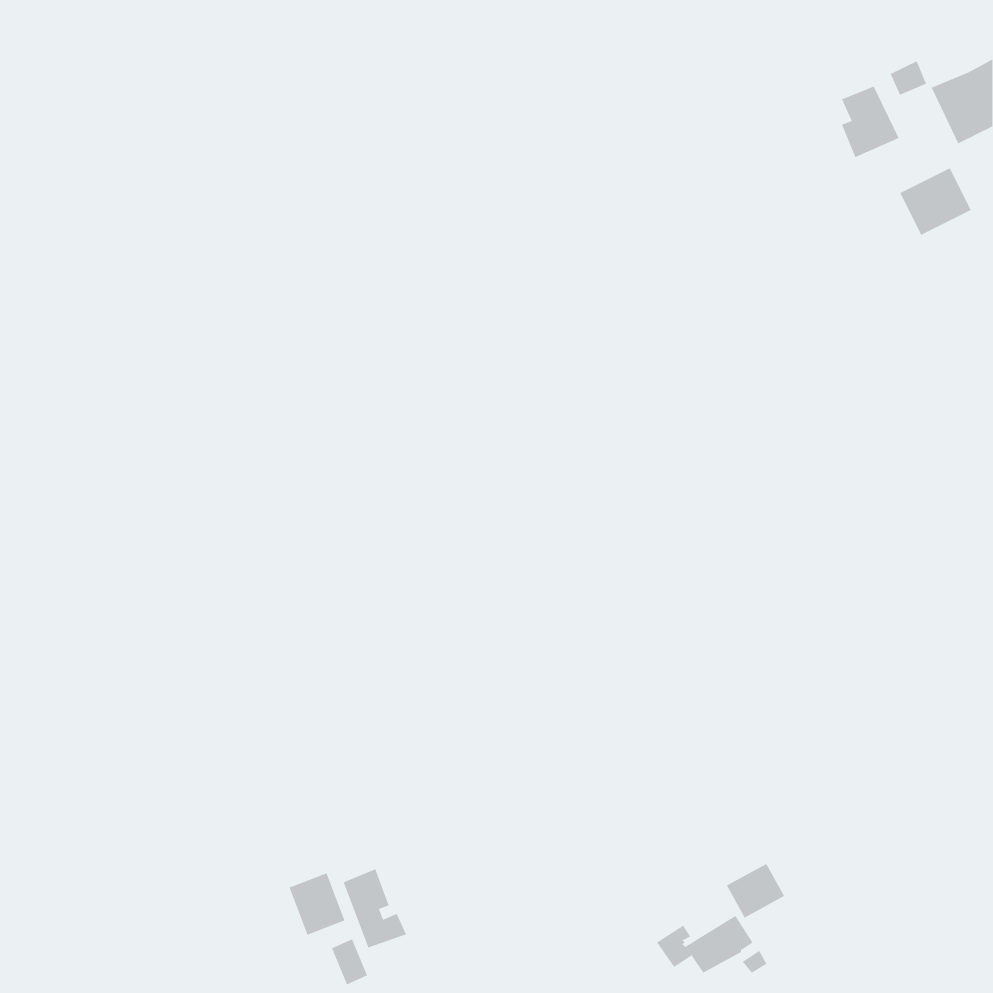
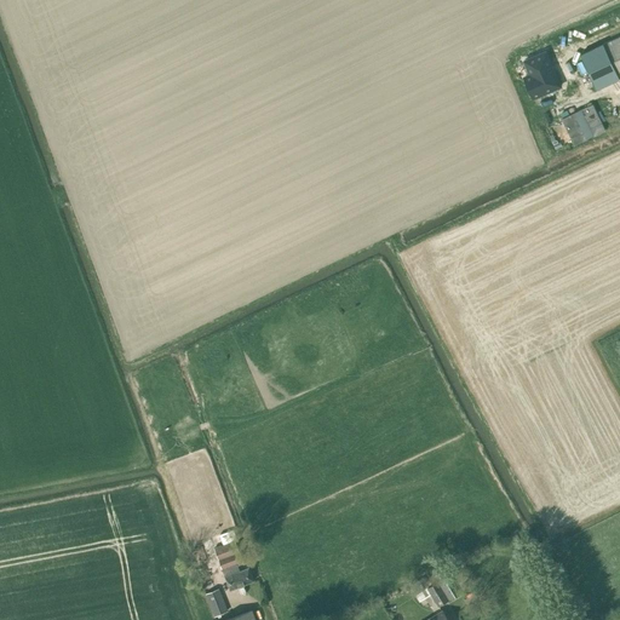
building: [726,863,785,918] -> none
building: [289,873,345,935] -> none

